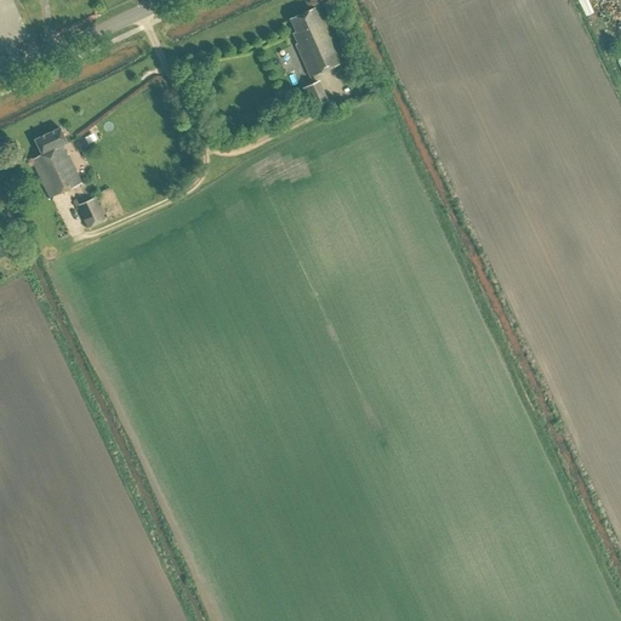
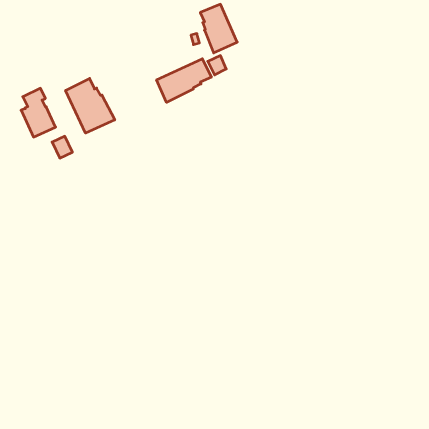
building: none -> [157,59,211,102]
building: none -> [66,78,115,133]

